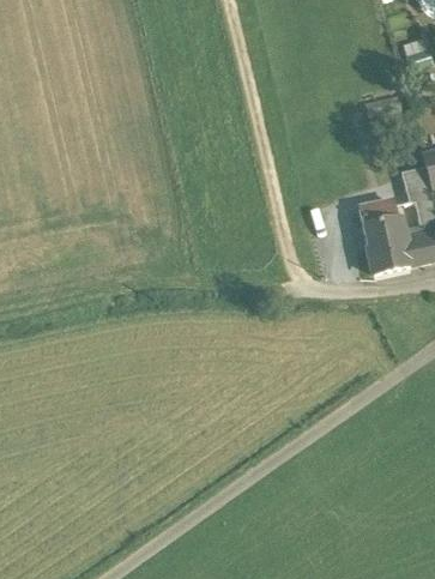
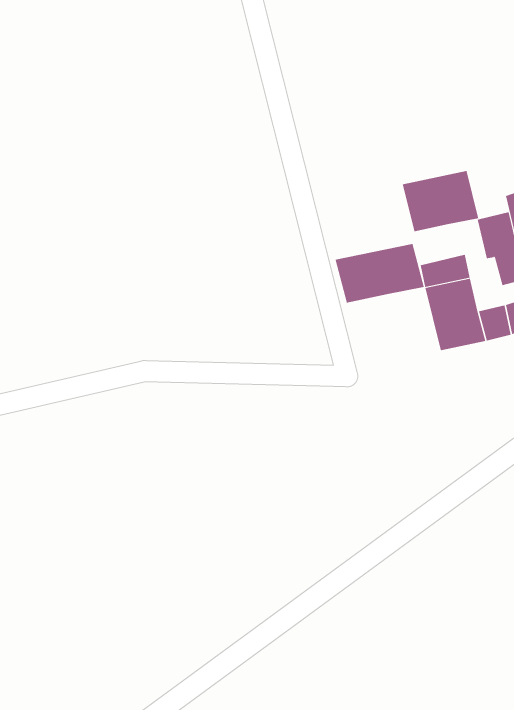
building: none -> [402,170,479,232]
building: none -> [335,243,424,304]

